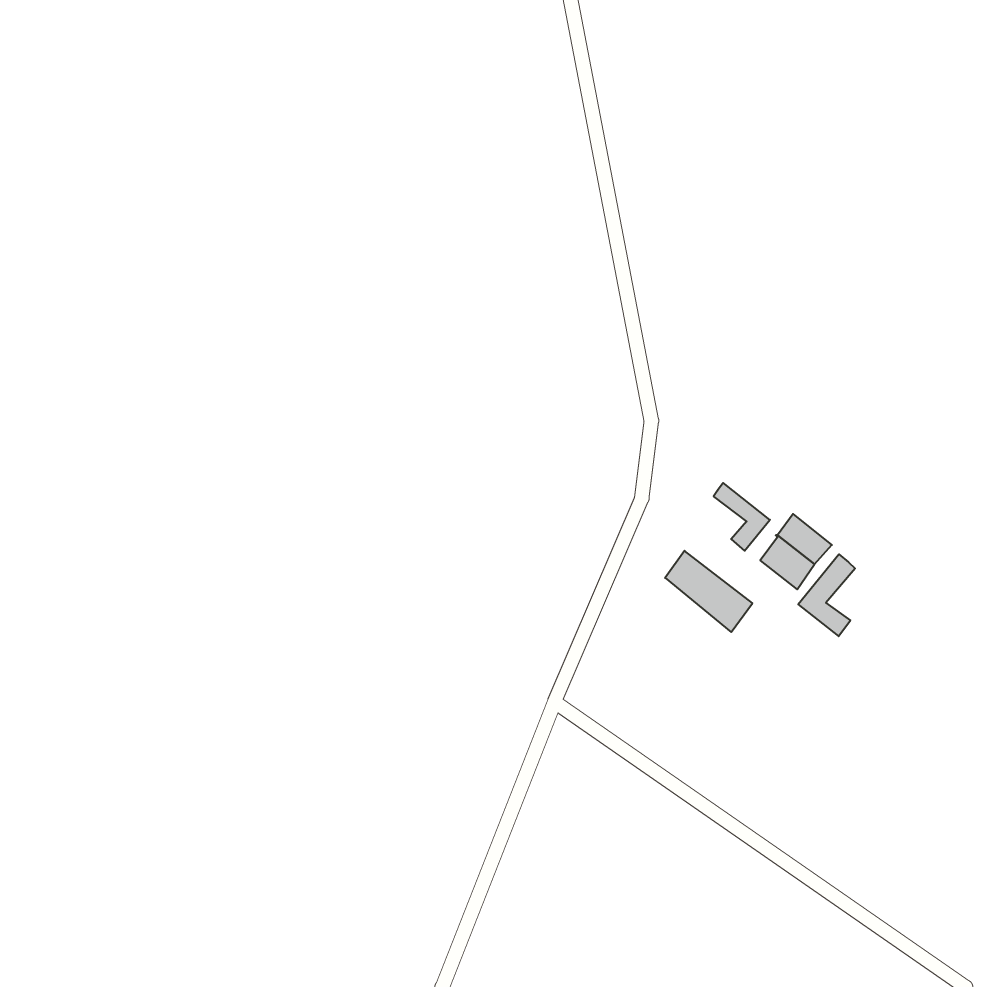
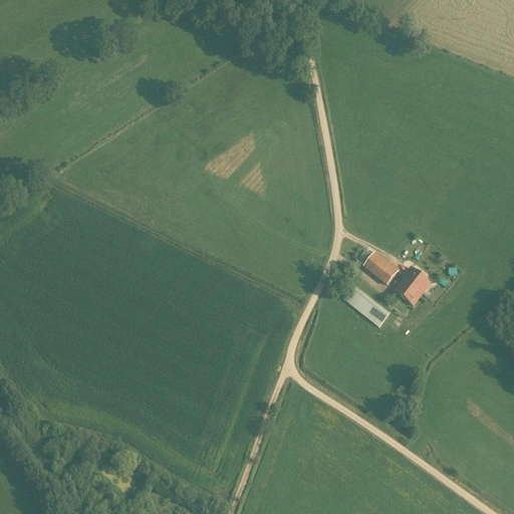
building: none -> [357,249,388,279]
building: [798,554,855,636] -> none

